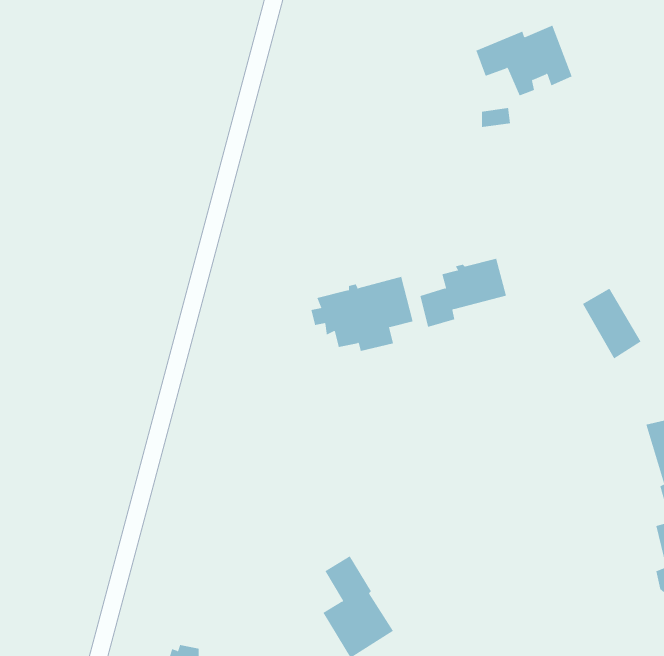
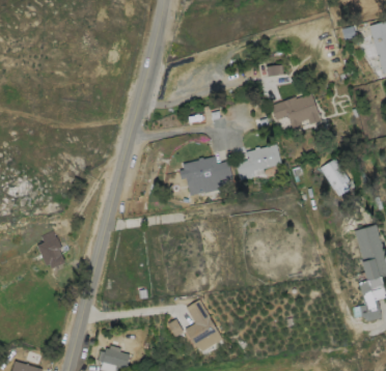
building: [475,25,573,96] -> [271,93,322,131]
building: none -> [36,230,70,270]

